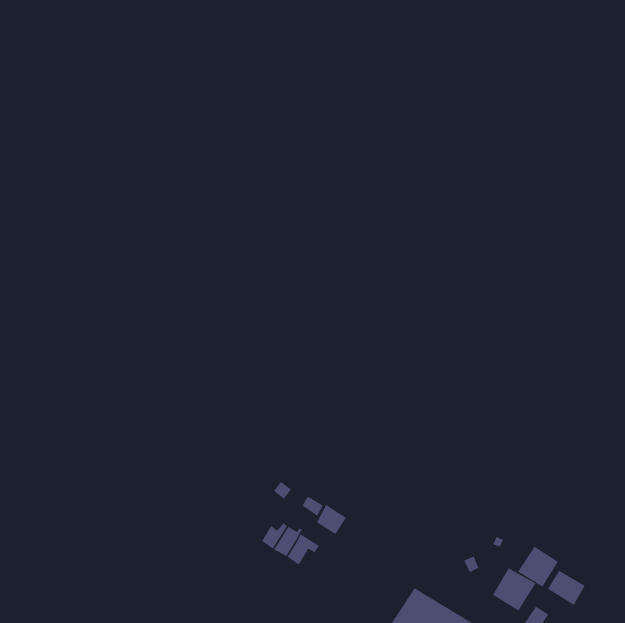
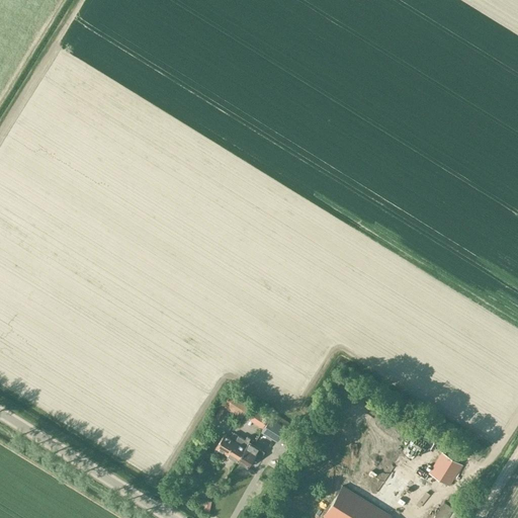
building: [492,568,536,612] -> none
building: [547,570,585,606] -> none

